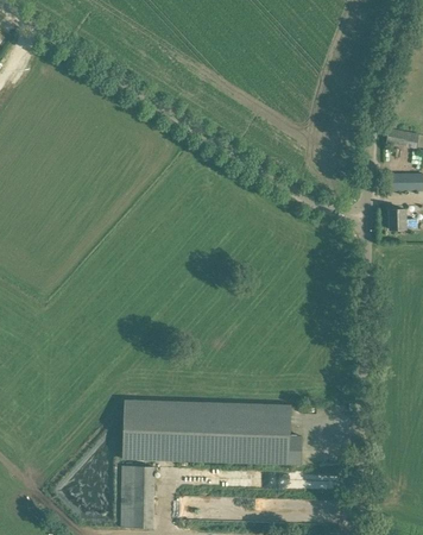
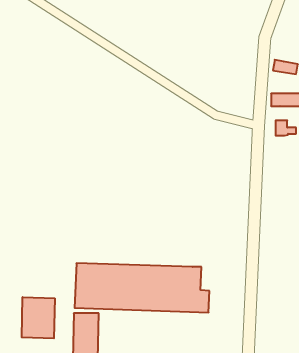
building: none -> [22,297,55,338]

